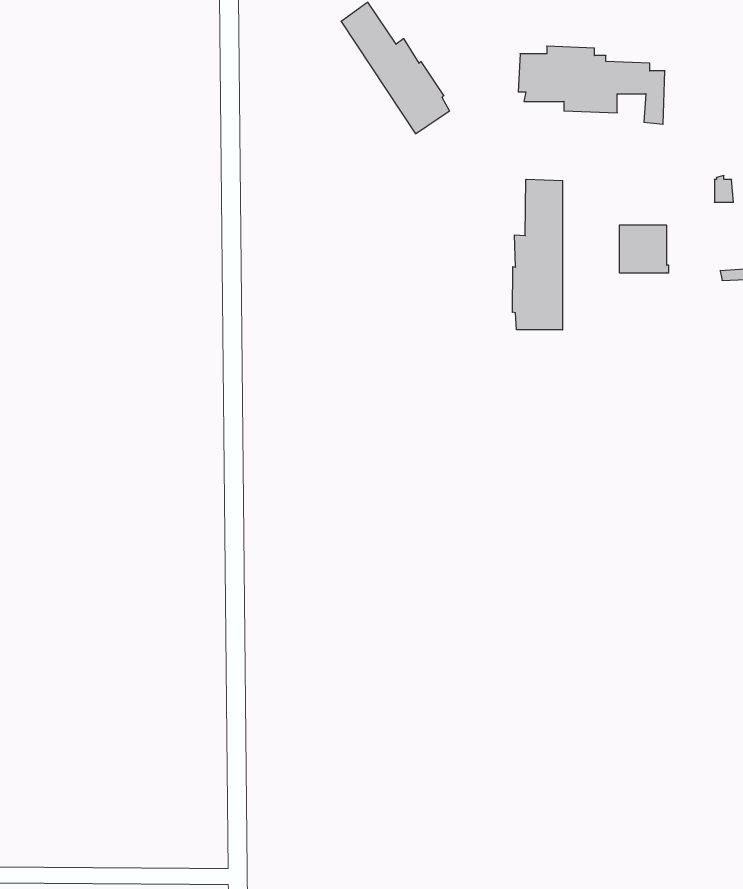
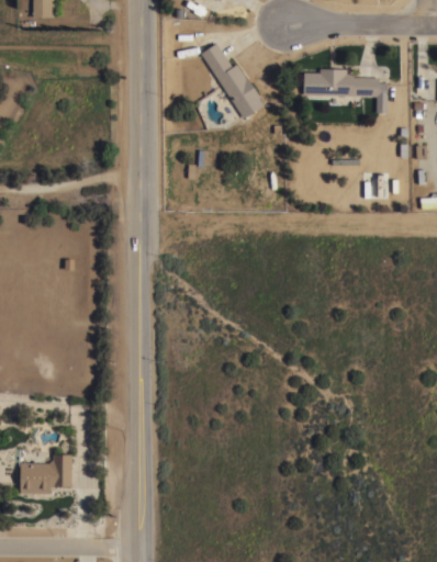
building: [512,179,563,330] -> none
building: none -> [20,453,71,493]

